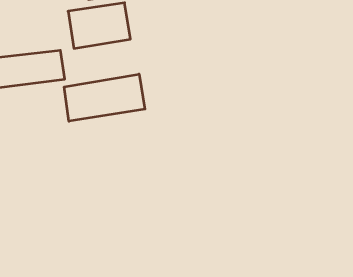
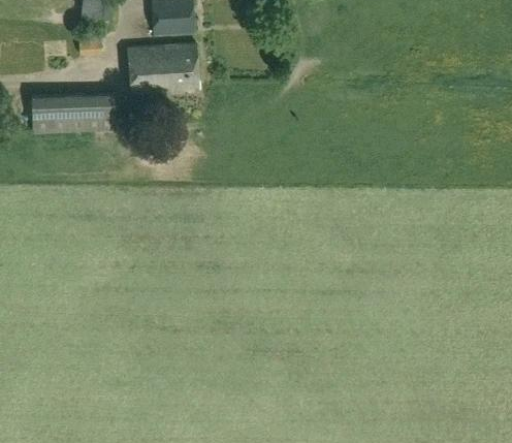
building: [64,74,145,121] -> none

